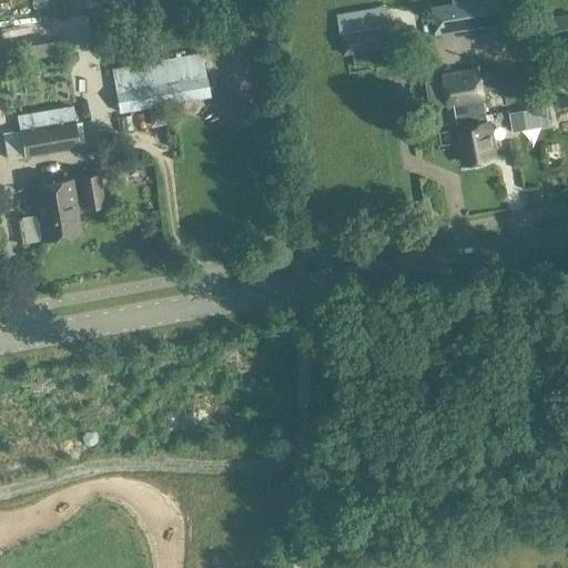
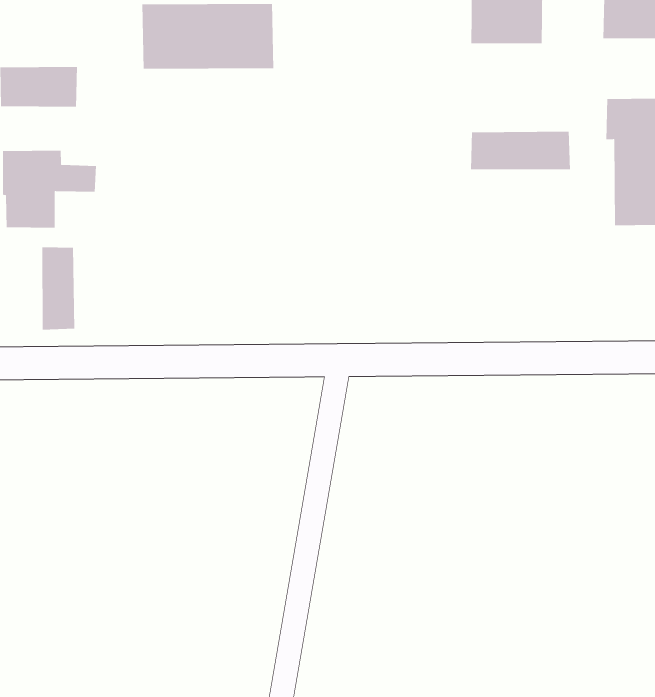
building: none -> [470,131,571,170]
building: none -> [42,246,75,330]

